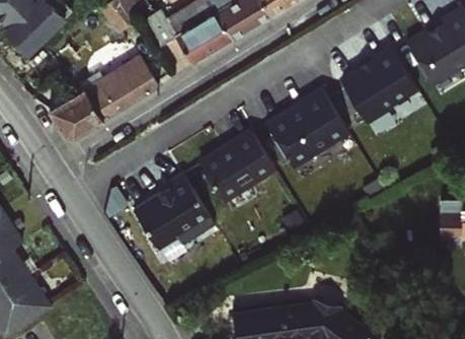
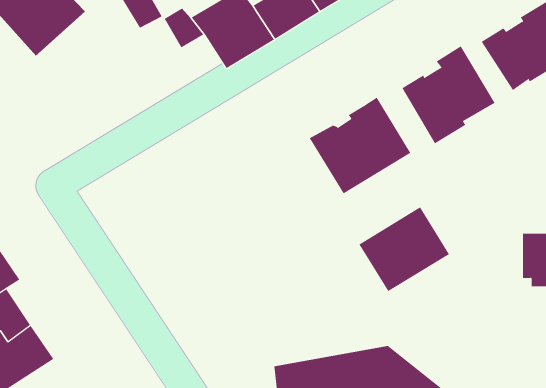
building: [52,57,160,138] -> none
building: [199,131,275,202] -> [358,207,450,292]
building: [131,173,212,249] -> none

